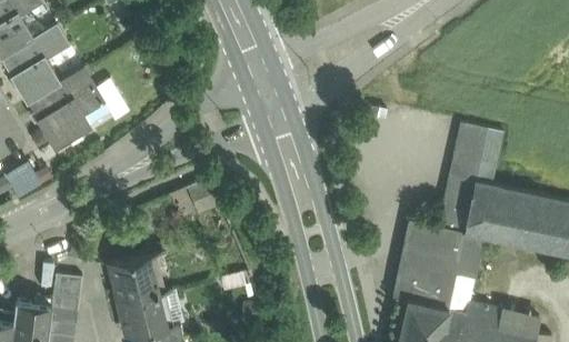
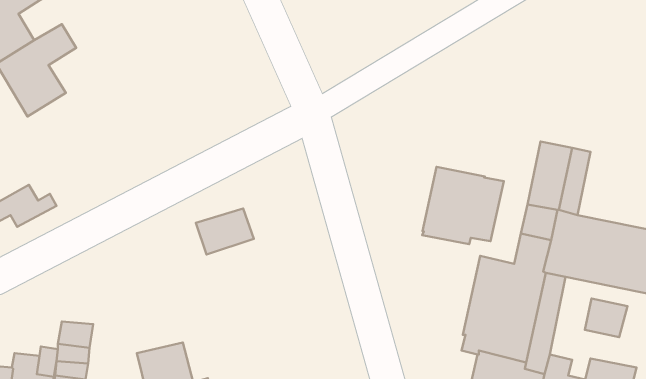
building: [27,69,110,149] -> none
building: none -> [422,167,504,244]
building: [110,255,158,303] -> none
building: none -> [585,298,627,337]

